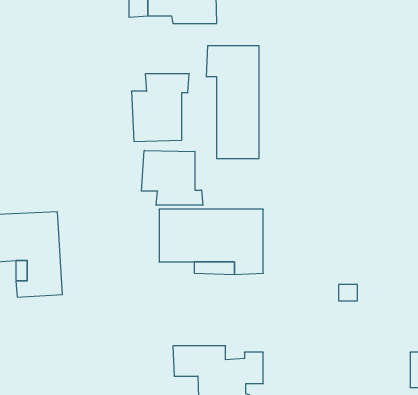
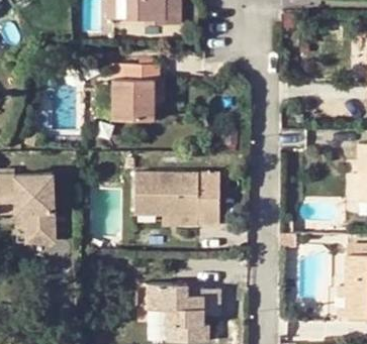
building: [207,46,259,159] -> none
building: [142,150,203,205] -> none

